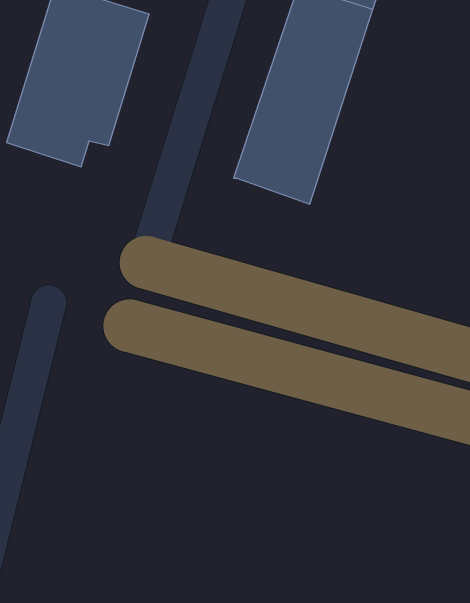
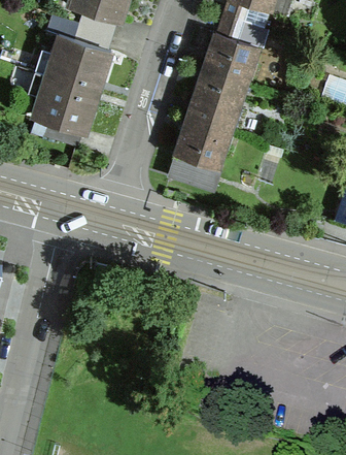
building: none -> [168,148,221,187]

